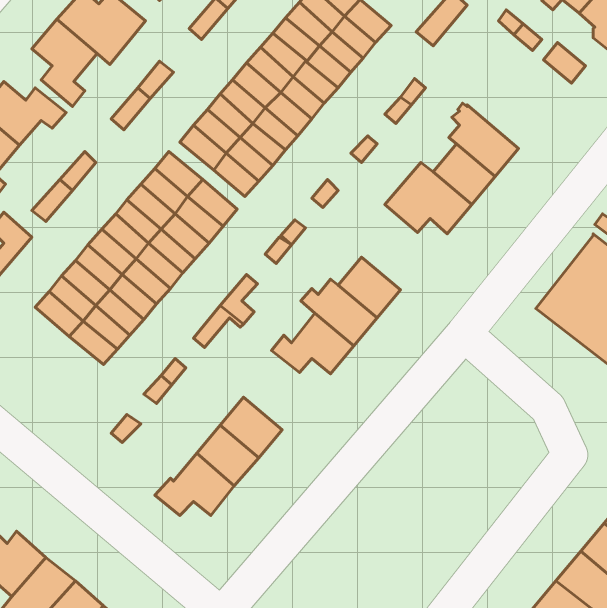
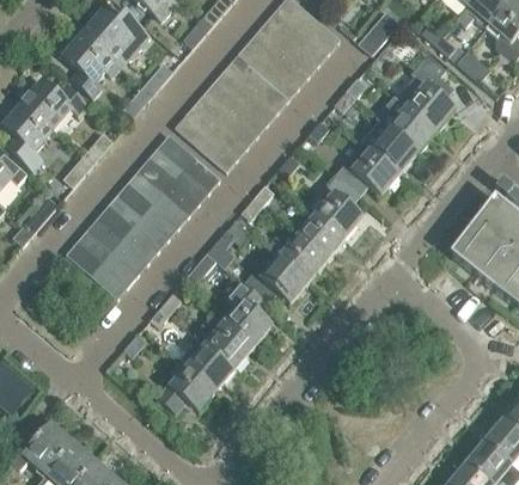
building: none -> [398,53,457,130]
building: none -> [306,173,365,239]
building: none -> [224,280,274,346]

